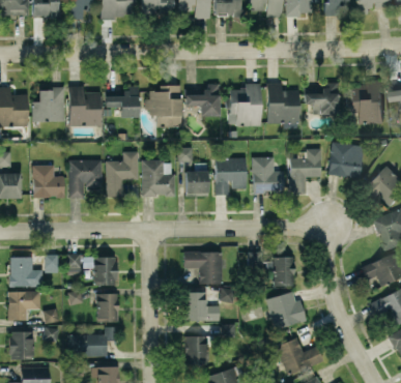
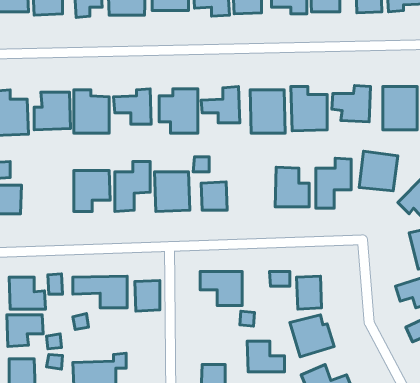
building: [214,157,246,195] -> none
building: [32,165,64,198] -> none
building: [184,292,219,320] -> [247,341,285,372]
building: [95,293,118,321] -> [135,280,160,311]

